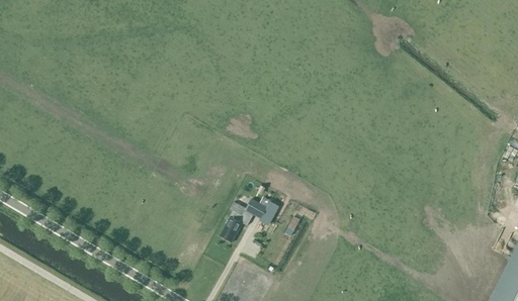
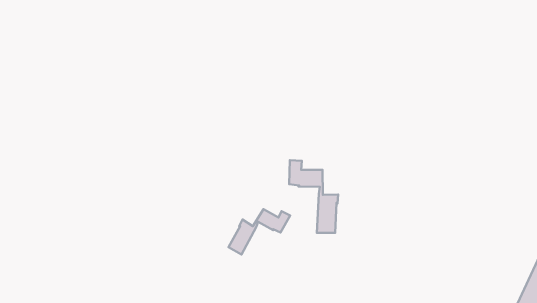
building: none -> [289,160,338,233]

